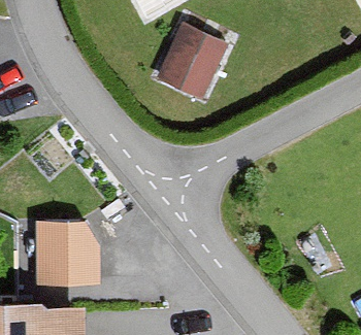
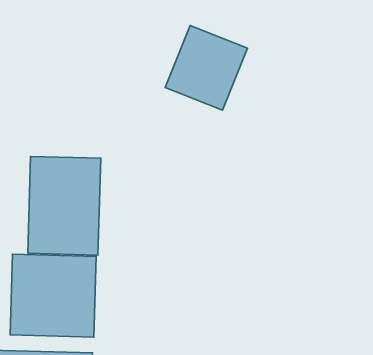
building: none -> [28,156,101,255]

